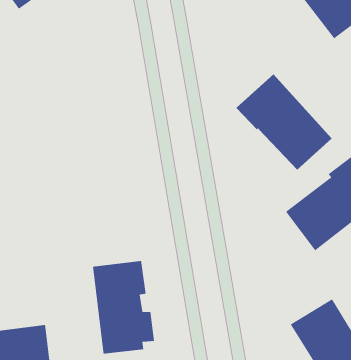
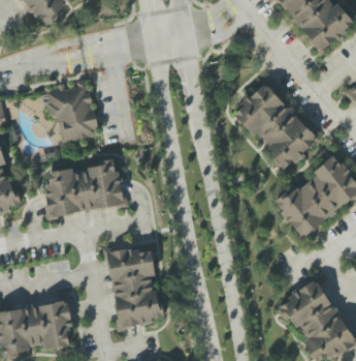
building: none -> [43,80,98,143]
building: none -> [42,159,125,216]

